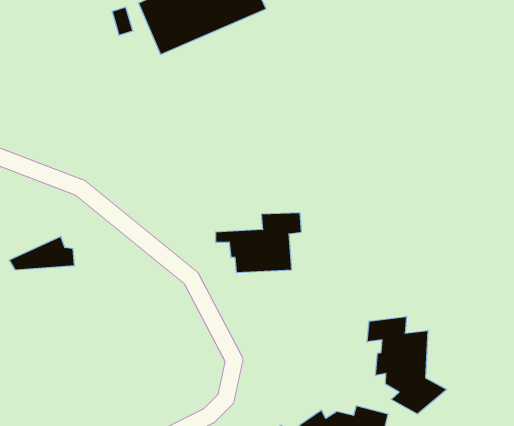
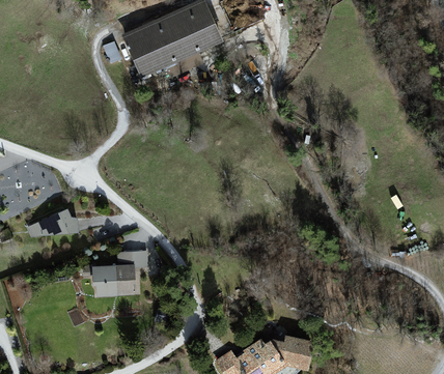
building: [215,213,301,273] -> [83,252,147,296]
building: [367,316,447,414] -> none

